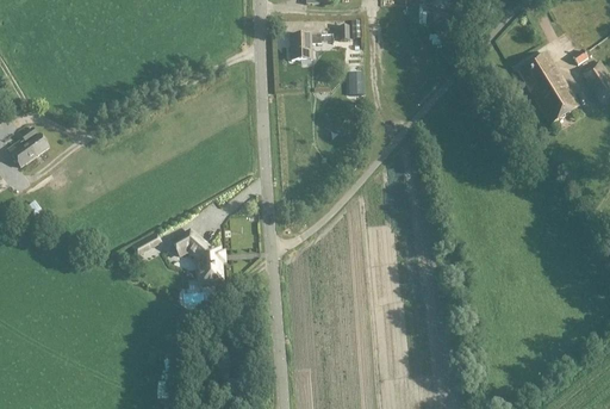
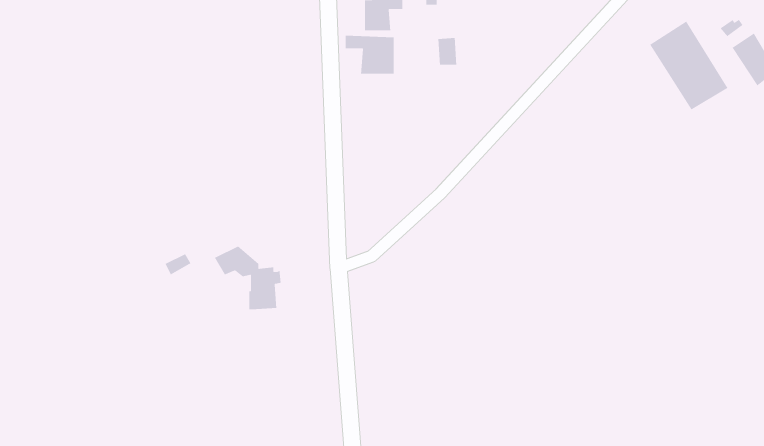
building: none -> [345,35,395,74]
building: [6,134,48,166] -> none

